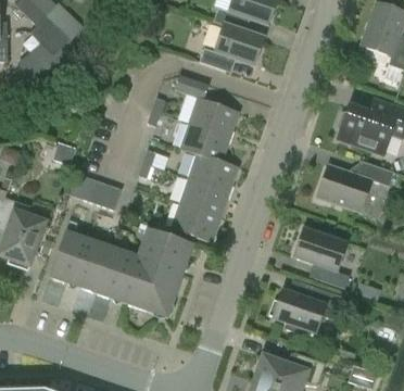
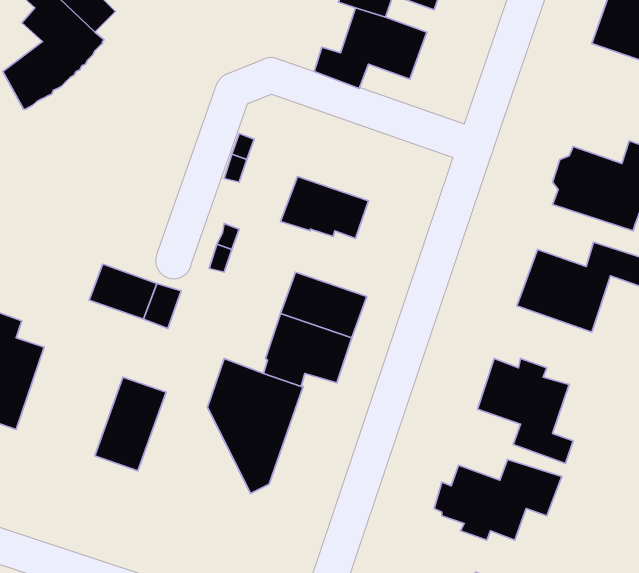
building: [174,74,238,136] -> none
building: [188,152,238,191] -> none
building: [49,219,88,283] -> none
building: [97,247,162,312] -> none

